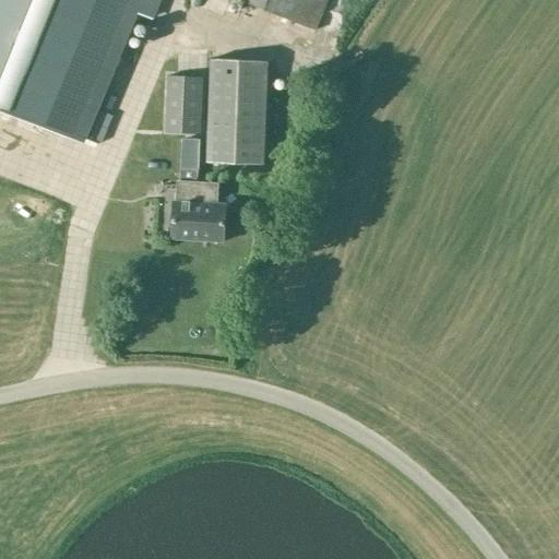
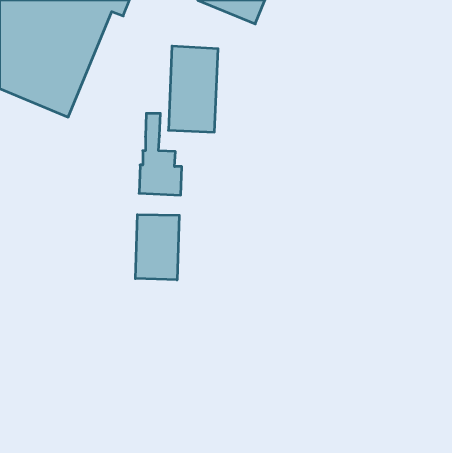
building: [164,76,201,134] -> none
building: none -> [135,215,179,280]

